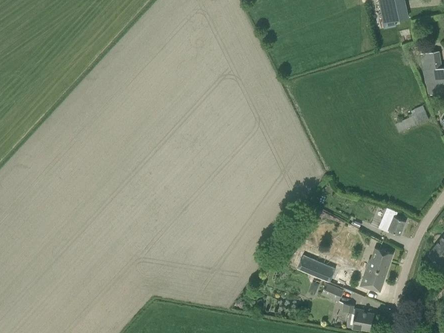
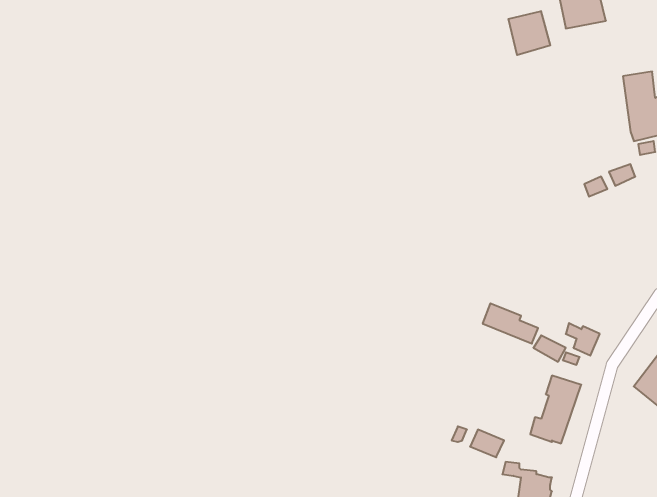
building: none -> [508,11,550,55]
building: [298,254,334,280] -> [483,303,538,344]

